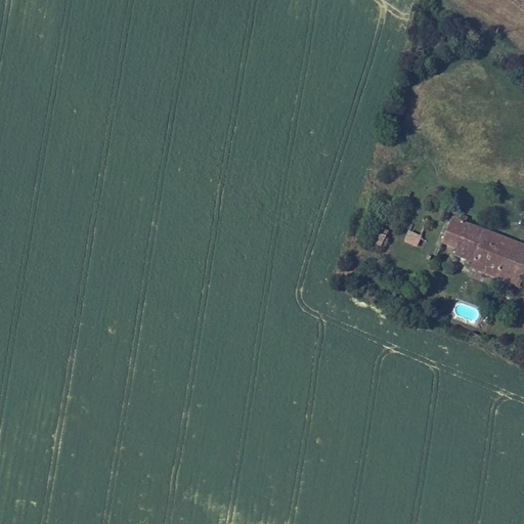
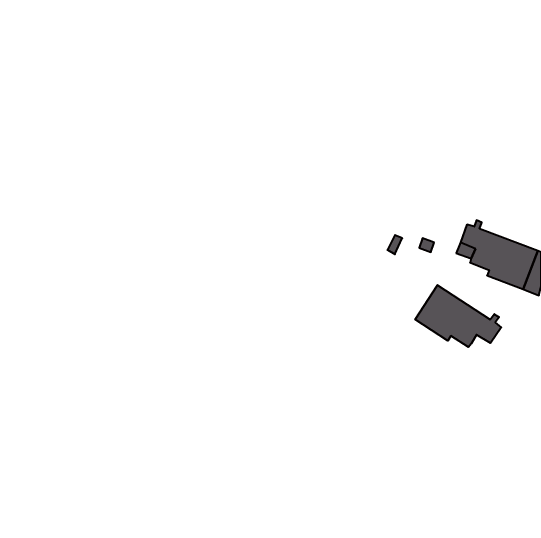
building: none -> [415,285,501,347]

